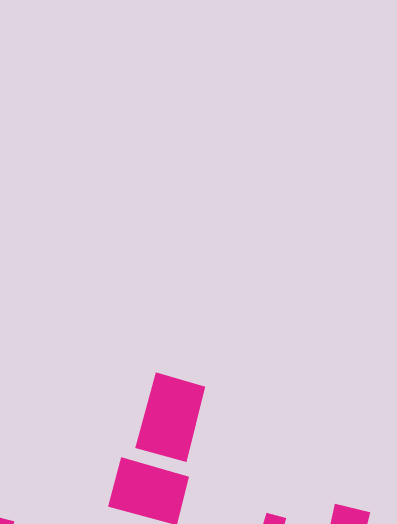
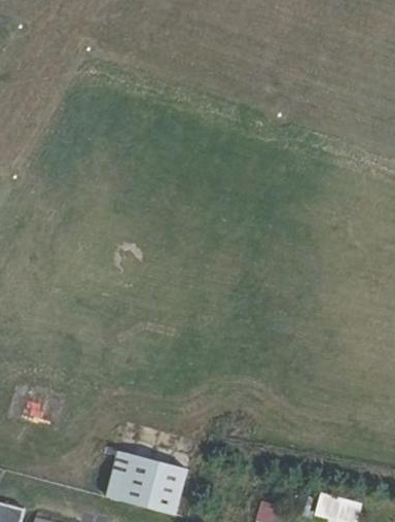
building: [135,371,206,463] -> none

